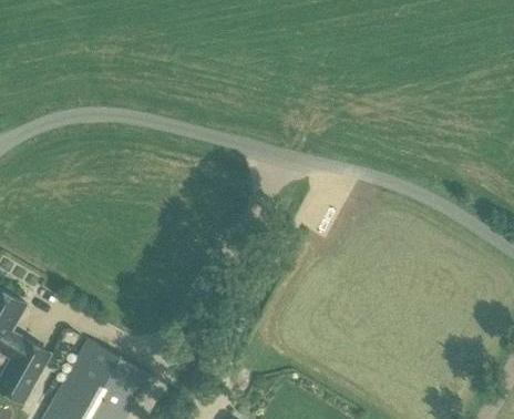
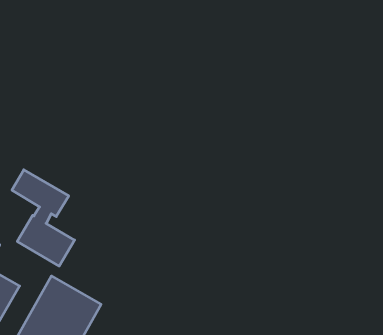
building: none -> [12,170,75,266]

